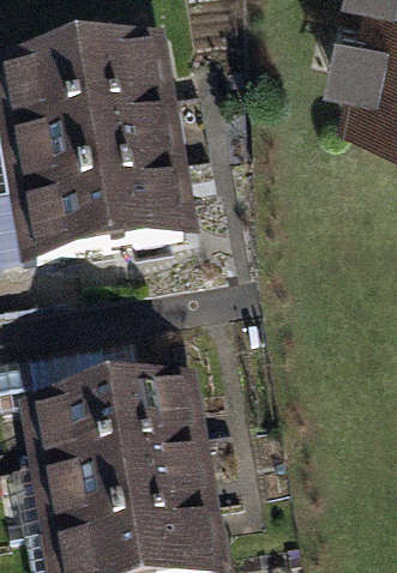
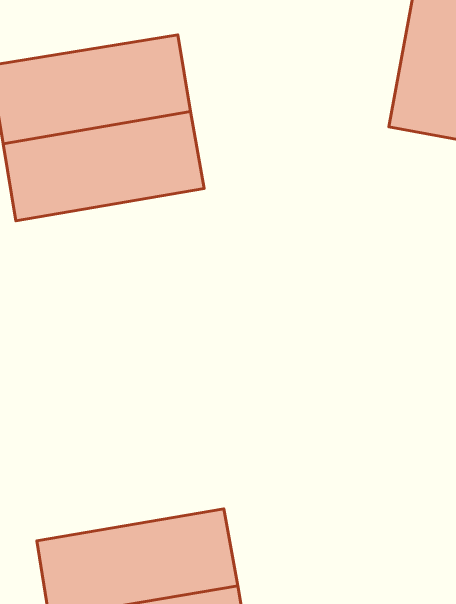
building: [18,163,191,258] -> none
building: [25,370,197,465] -> none

